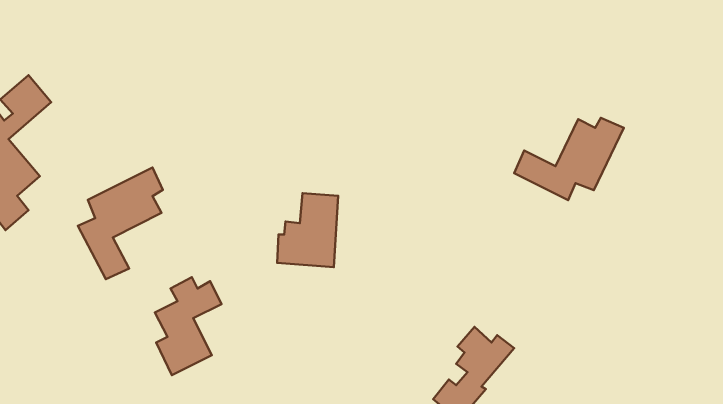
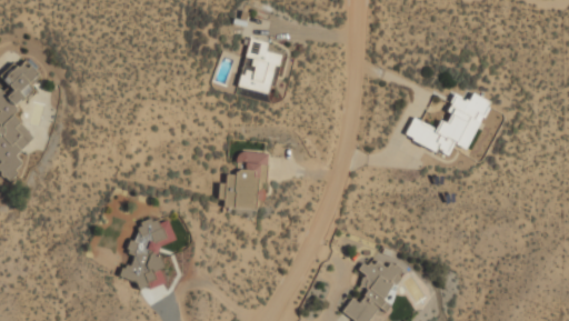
building: none -> [238,37,281,94]
building: [78,167,163,279] -> none

